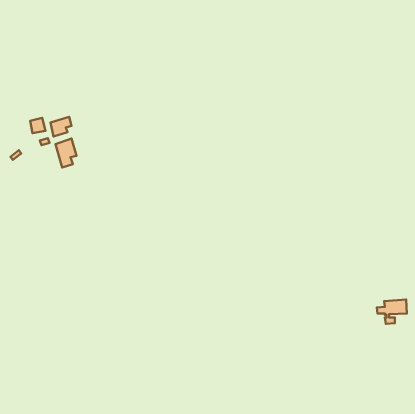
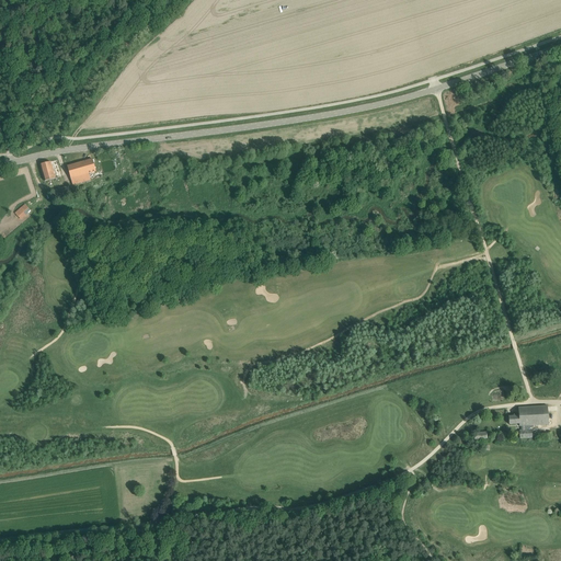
building: [56,139,77,168] -> none

